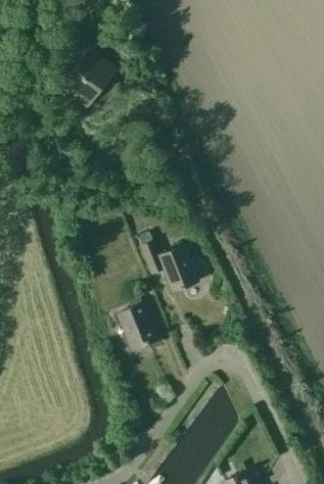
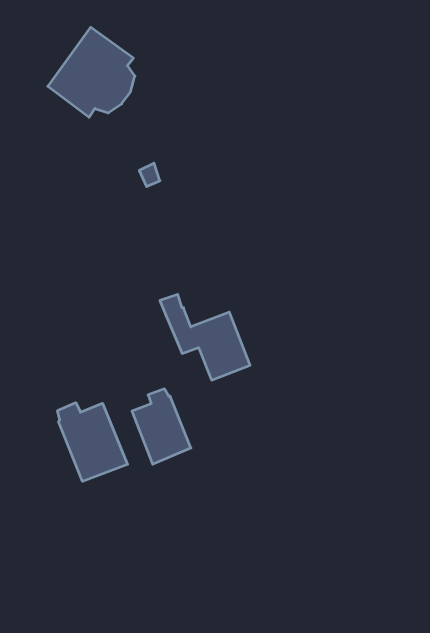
building: none -> [58,403,128,481]

